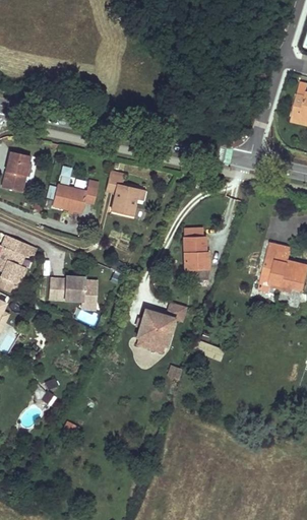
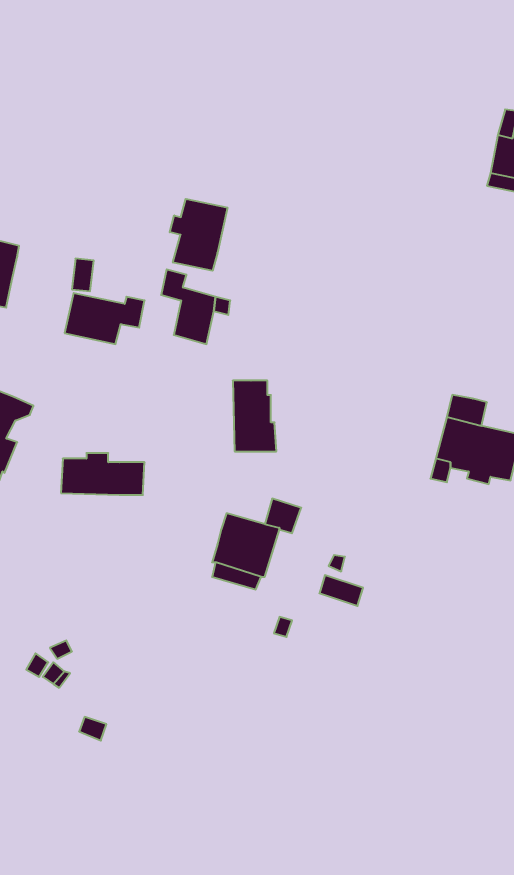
building: none -> [170,199,227,271]
building: [183,228,207,267] -> [233,381,276,451]

